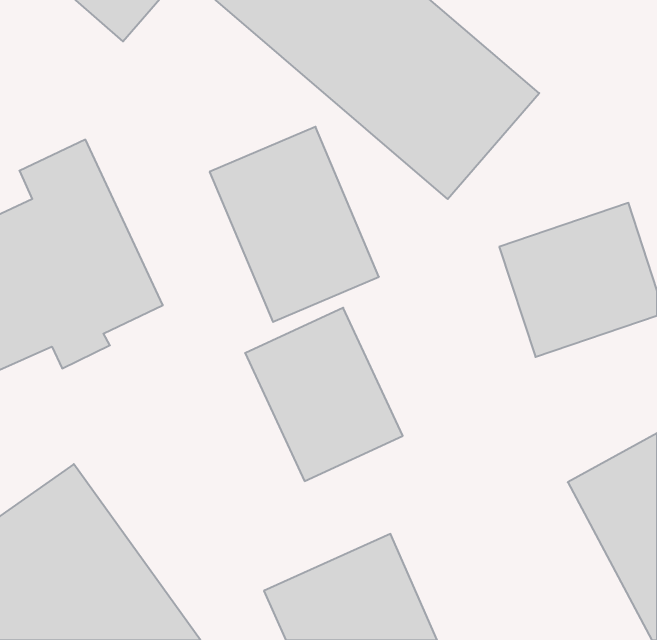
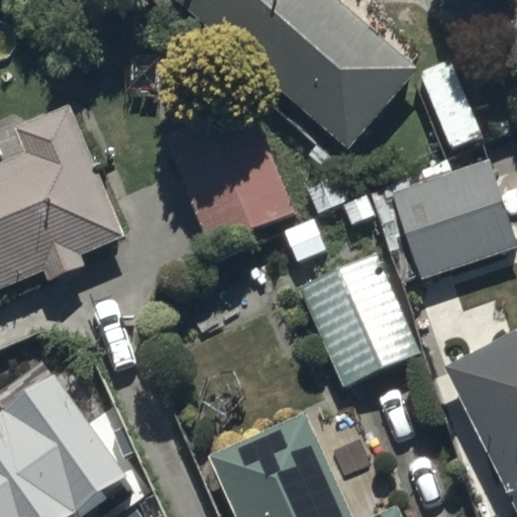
building: [245,308,403,481] -> [299,253,422,389]

